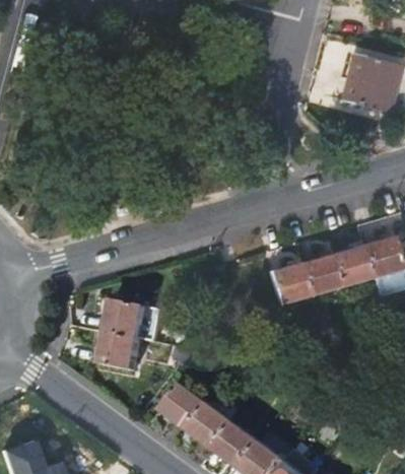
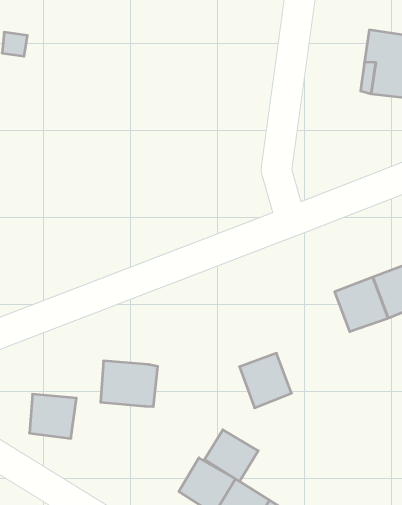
building: [270,263,310,304] -> [239,353,292,408]
building: [103,334,142,371] -> [29,394,76,438]
building: none -> [204,430,258,481]

